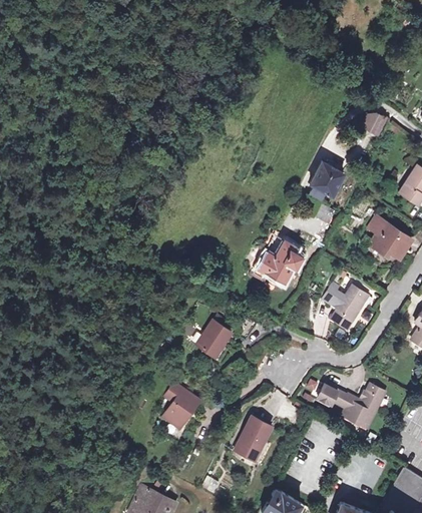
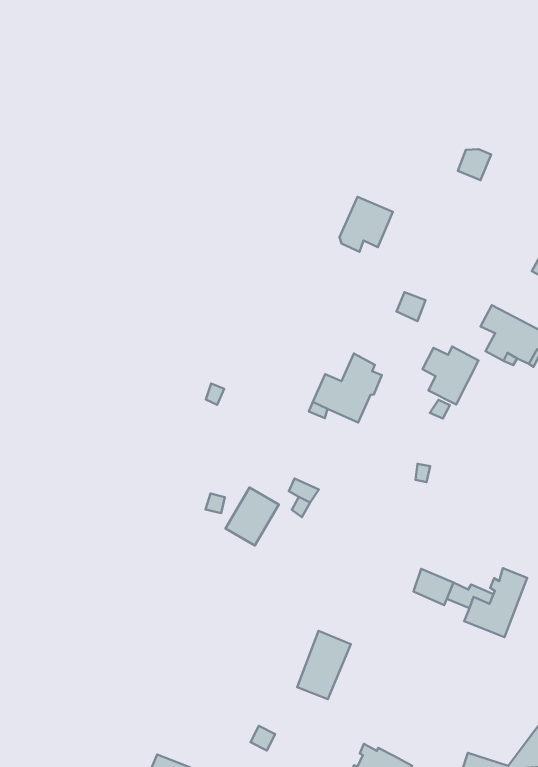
building: [307,162,342,197] -> [340,197,393,252]
building: [329,291,365,328] -> [422,347,478,404]
building: [162,384,198,430] -> none

